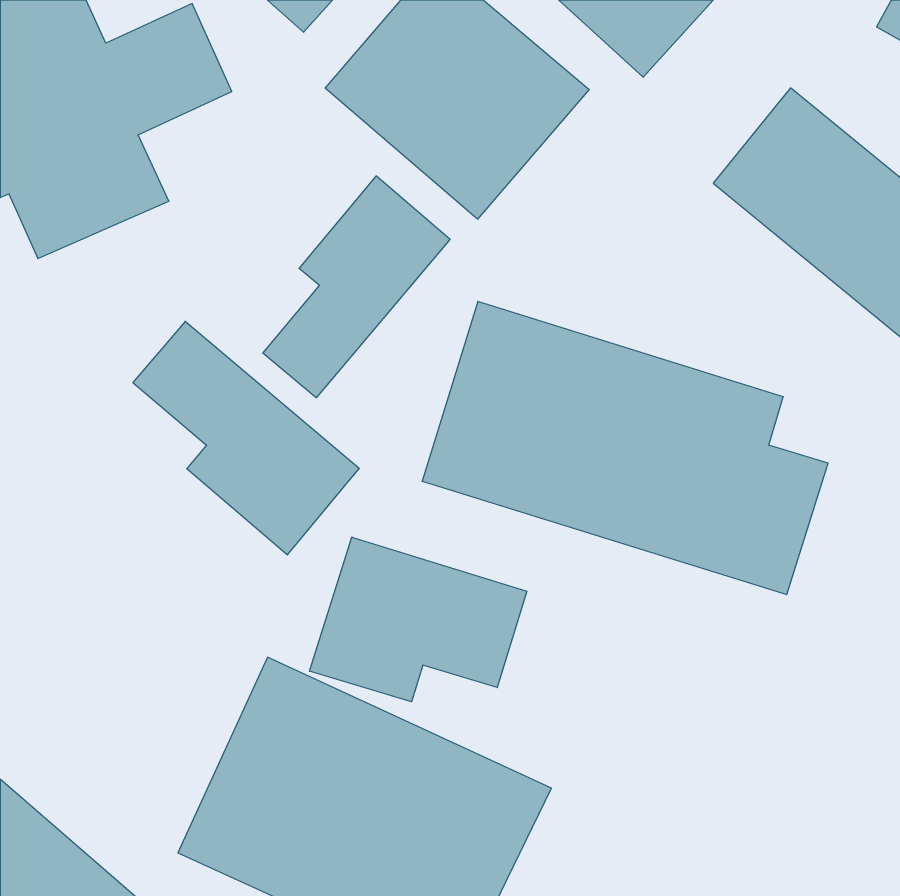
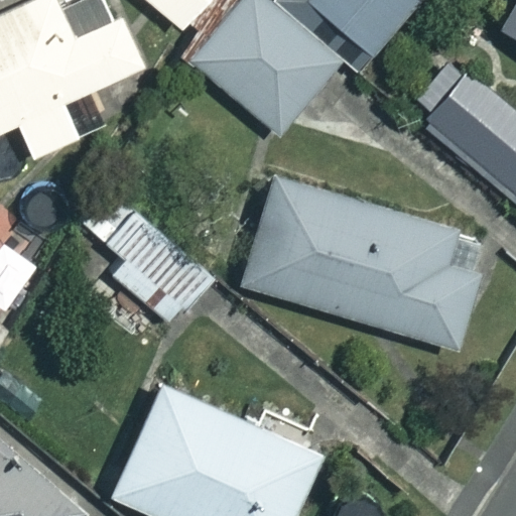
building: [263,176,450,398] -> none
building: [310,537,527,702] -> none

